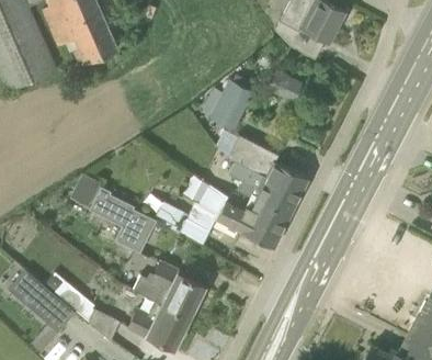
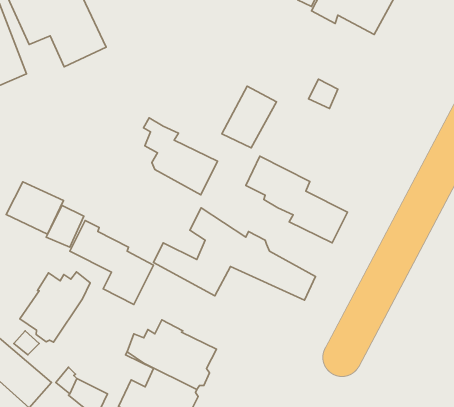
building: none -> [6,182,64,234]
building: [237,170,295,230] -> [143,118,218,195]
building: none -> [20,272,90,342]

